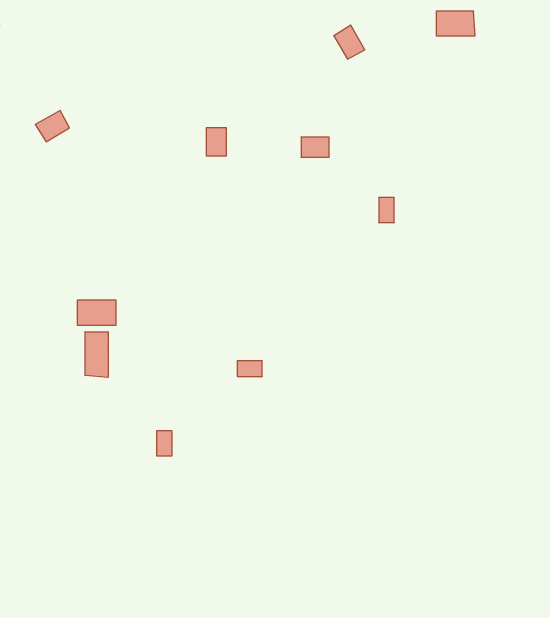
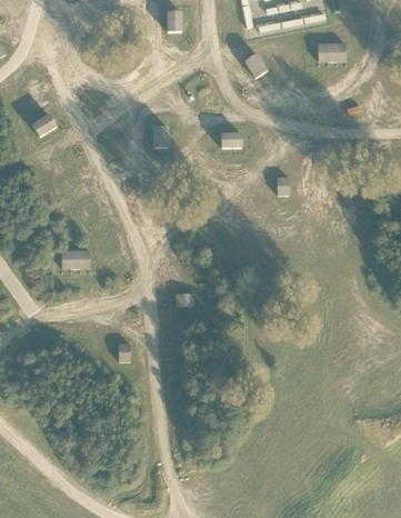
building: [85,332,108,377] -> none

